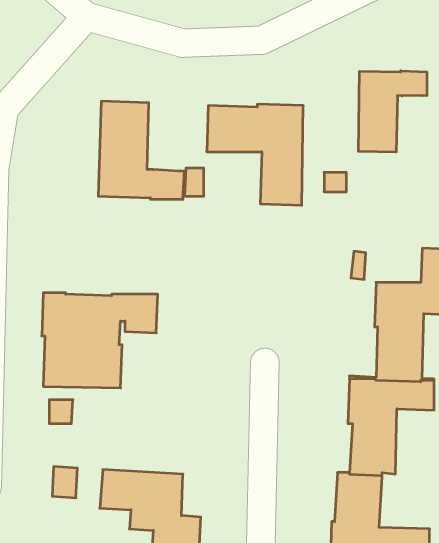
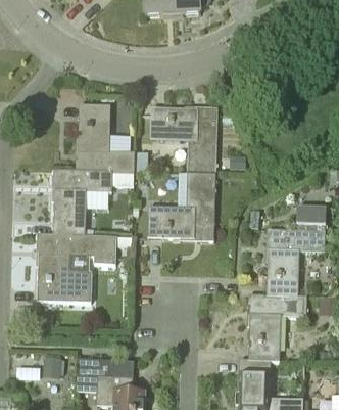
building: [358,71,427,152] -> none
building: none -> [38,170,134,238]
building: none -> [148,175,215,241]

